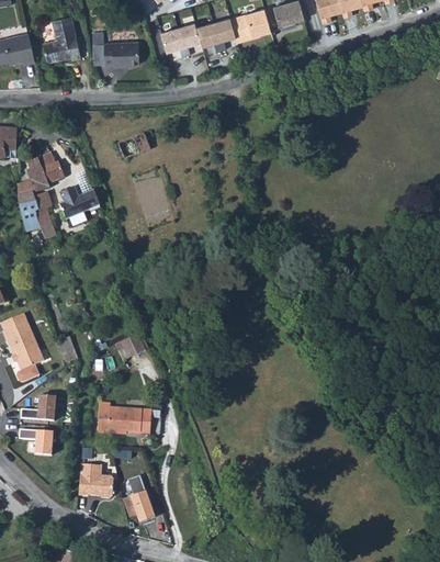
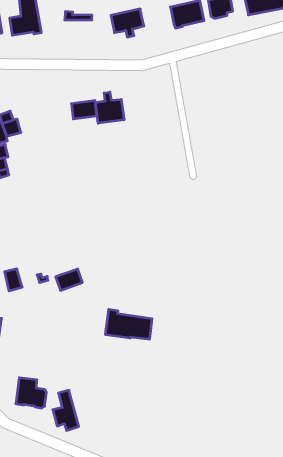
building: [195,18,235,52] -> none
building: [91,33,138,67] -> none
building: none -> [95,92,124,123]
building: [58,187,99,220] -> none
building: [97,403,150,435] -> [105,309,152,339]

